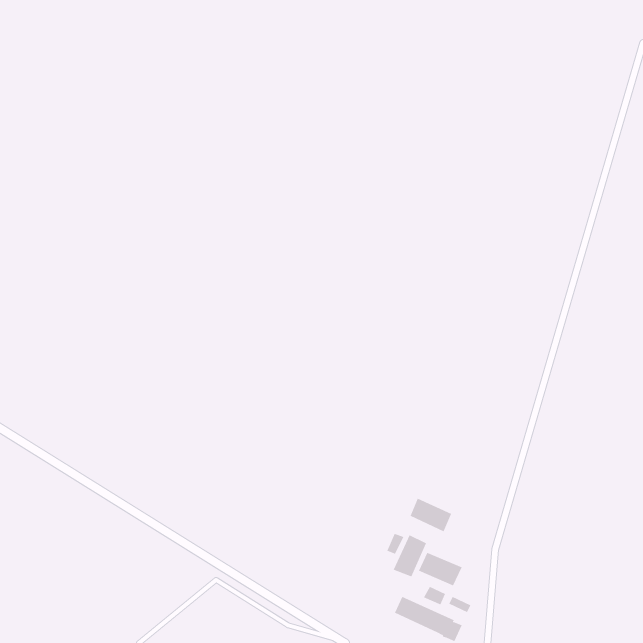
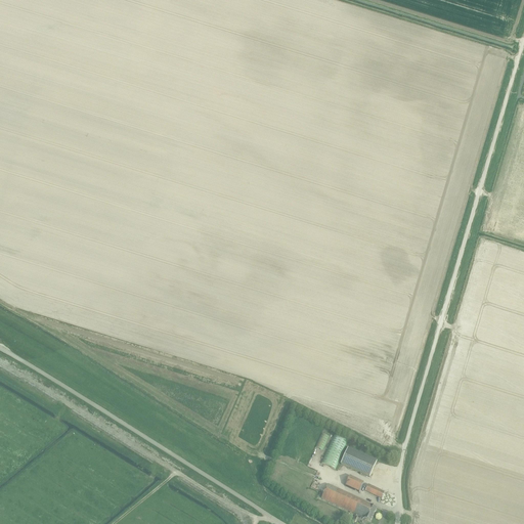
building: [410,498,452,532] -> none

